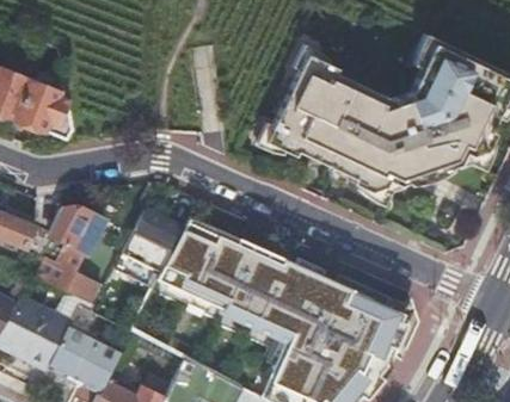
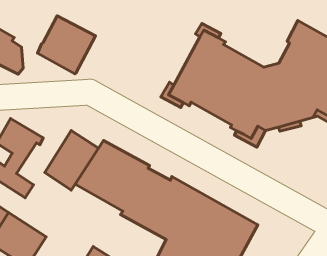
building: none -> [37,16,95,74]

